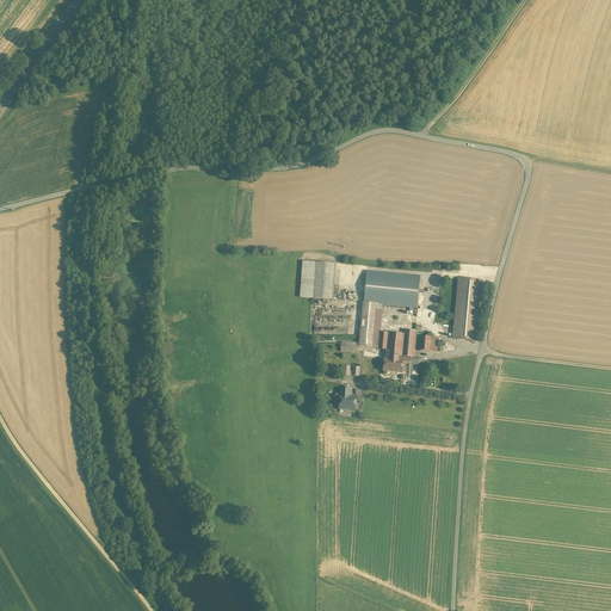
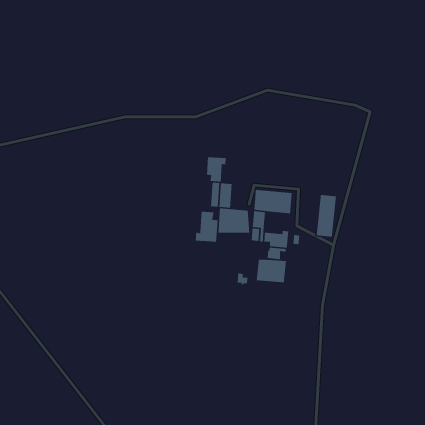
building: none -> [206,156,226,182]
building: none -> [195,211,218,243]
building: none -> [256,259,287,283]

